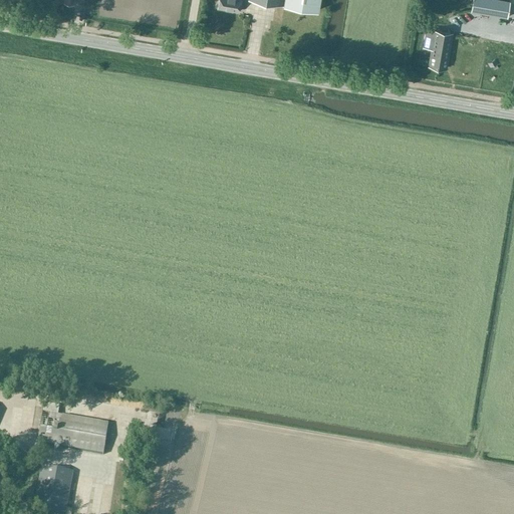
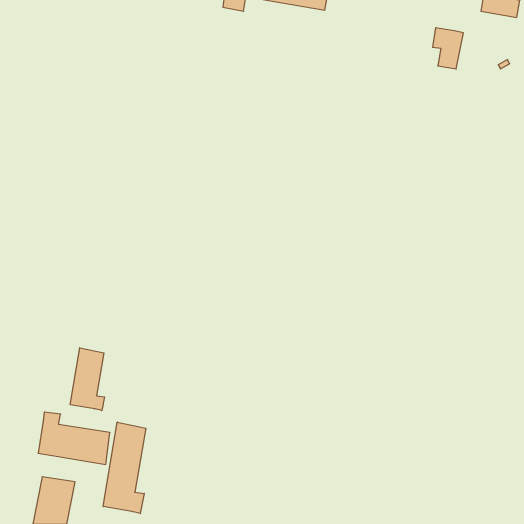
building: none -> [70,348,105,411]
building: none -> [103,422,146,514]

